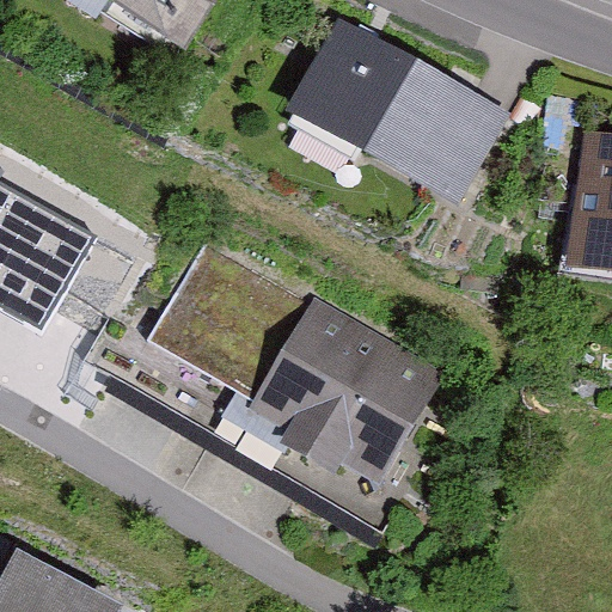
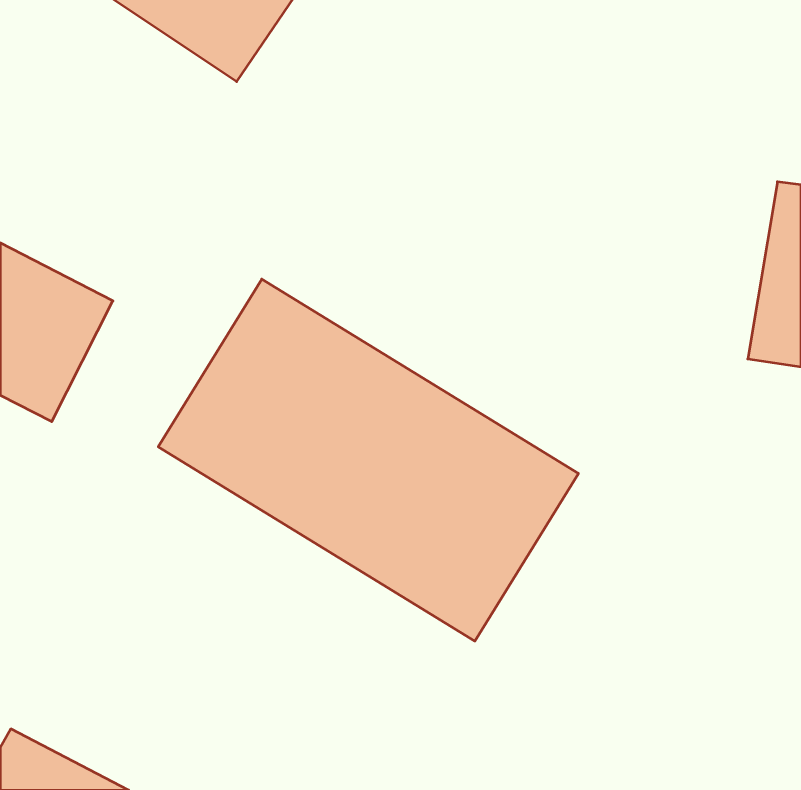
building: [294,20,509,208] -> none

